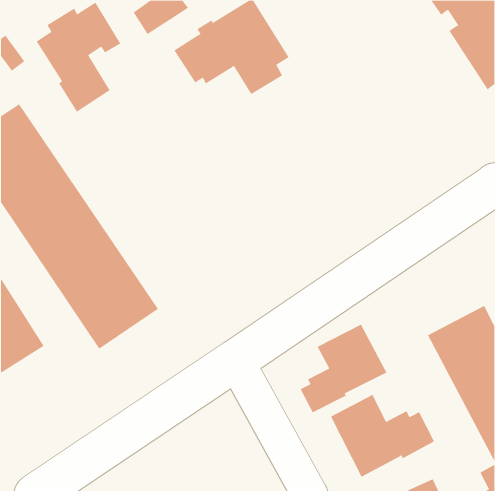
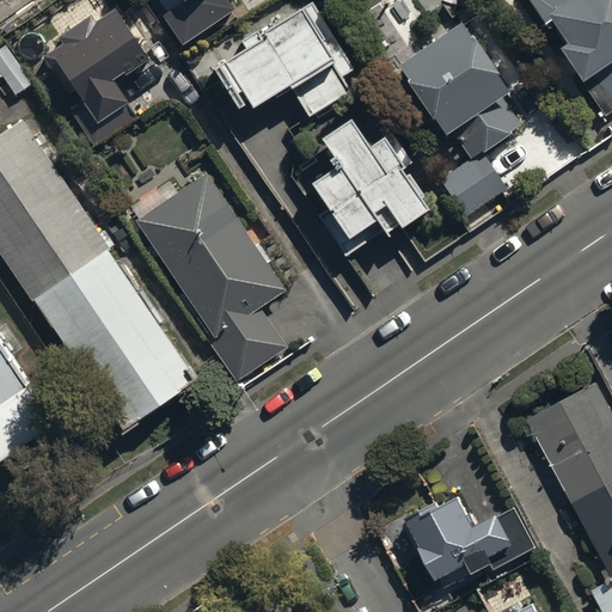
building: none -> [396,13,519,216]
building: none -> [310,109,424,252]
building: none -> [135,169,284,379]
building: [300,324,387,413] -> none

